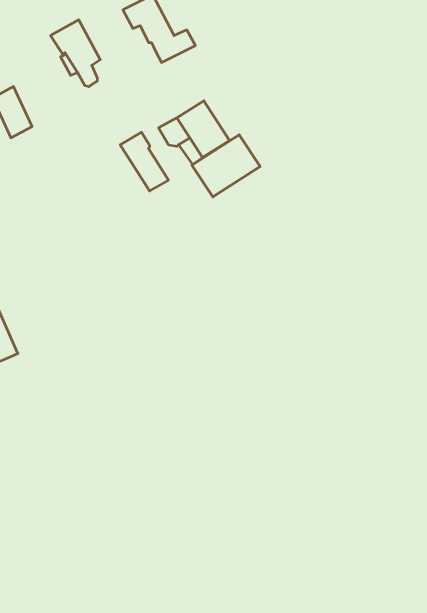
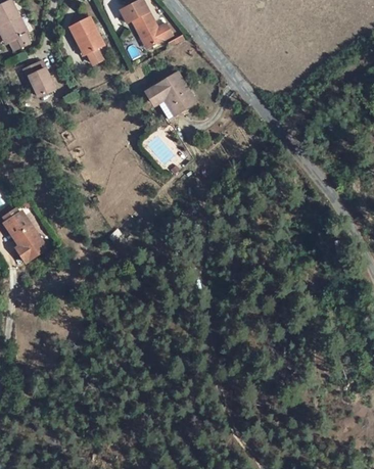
building: [120,132,168,191] -> none
building: [192,135,260,197] -> none

